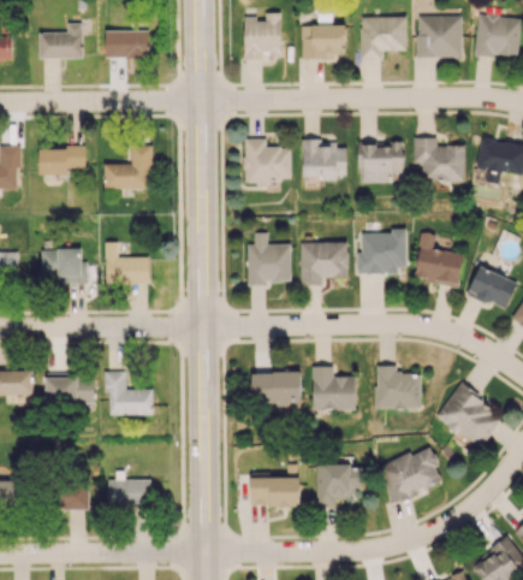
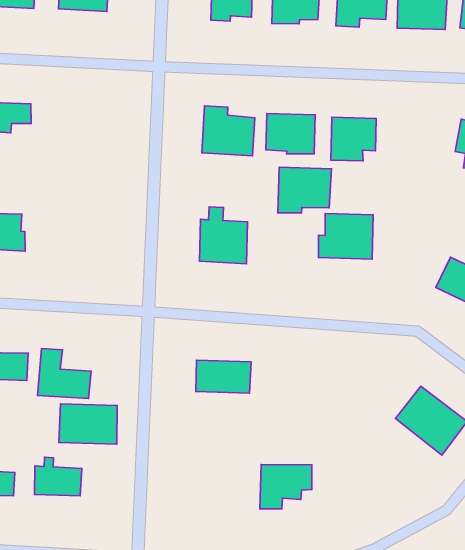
building: [414,138,465,182] -> none
building: [103,146,153,189] -> none
building: [412,232,464,285] -> none
building: [105,242,149,285] -> none
building: [299,242,347,285] -> [278,167,331,213]
building: [311,366,356,410] -> none
building: [375,366,421,409] -> none
building: none -> [59,404,117,444]
building: [380,449,441,499] -> none
building: [250,477,301,507] -> none

